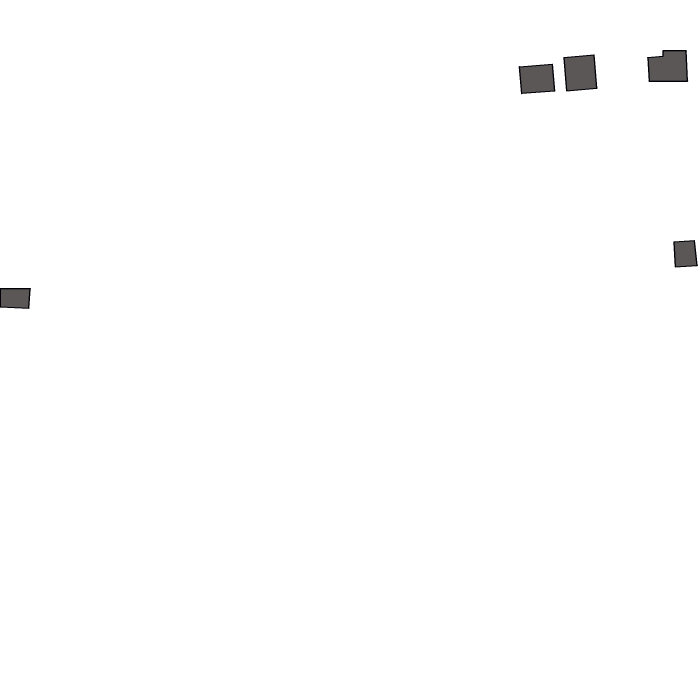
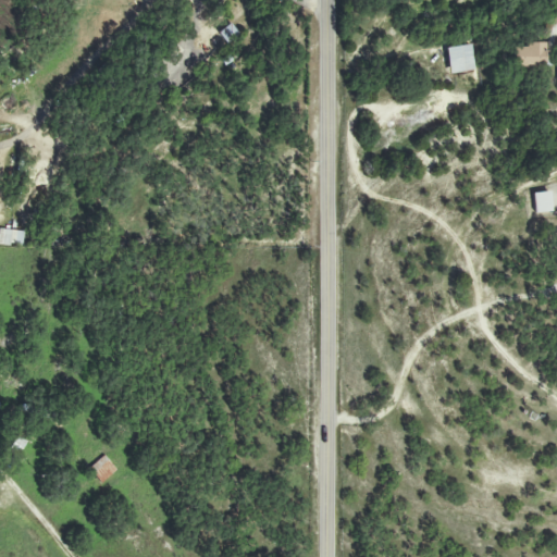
building: [519,64,555,94] -> none
building: none -> [90,453,119,482]

